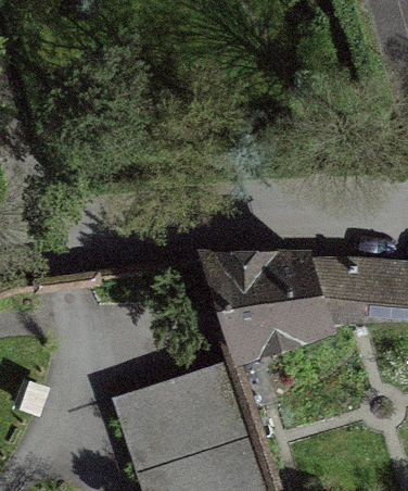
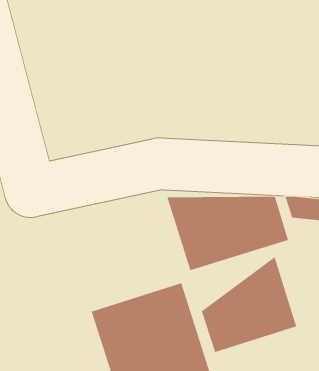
building: none -> [201,256,297,353]

